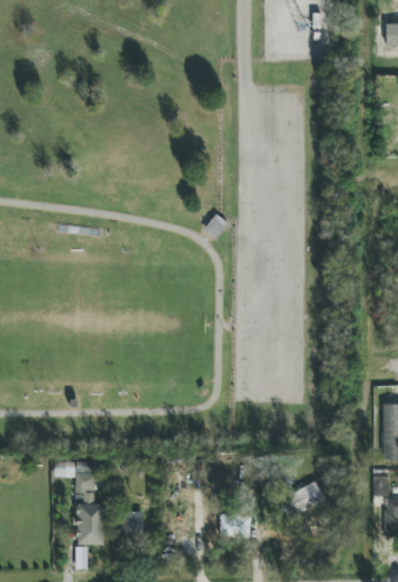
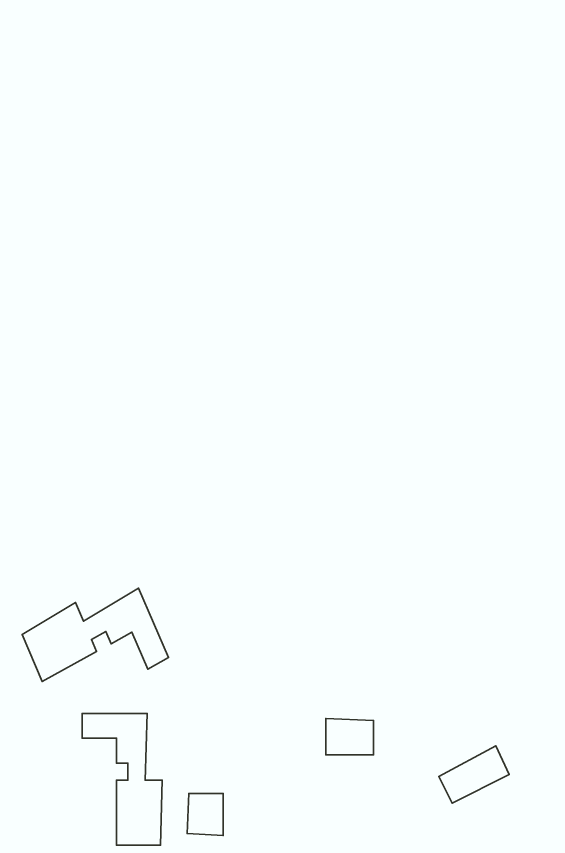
building: none -> [22,588,168,682]
building: [221,513,252,536] -> [326,718,373,755]

